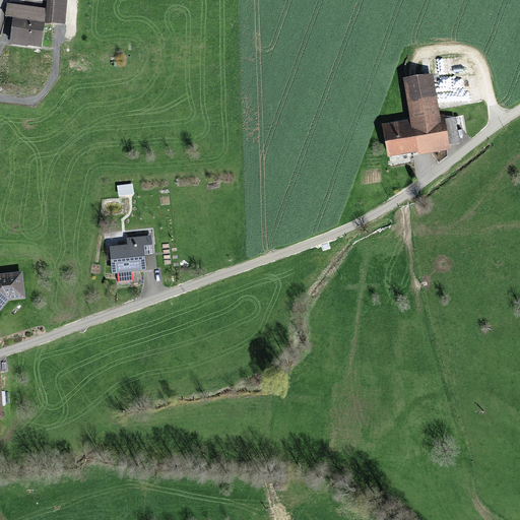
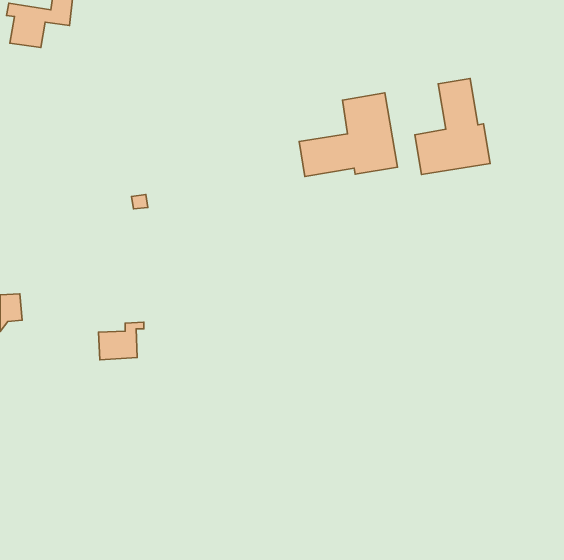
building: none -> [299,93,398,176]
building: [108,235,149,269] -> [99,322,144,360]

